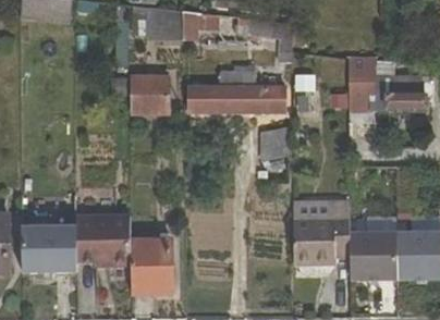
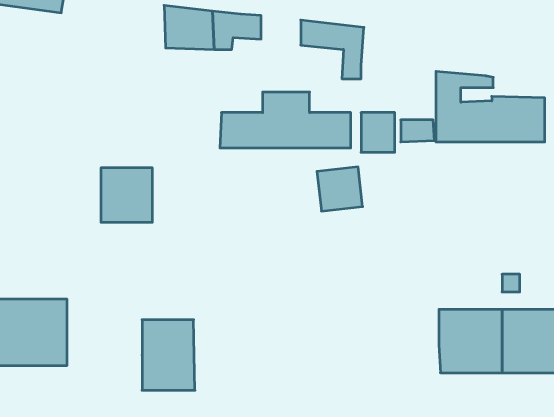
building: [132,74,170,114] -> [101,168,152,222]
building: [293,200,351,263] -> none
building: [84,229,131,266] -> none

